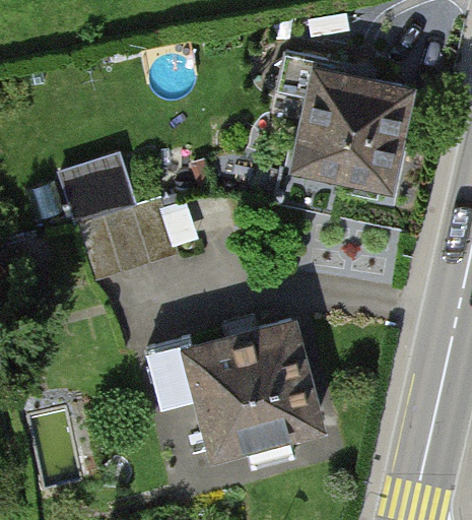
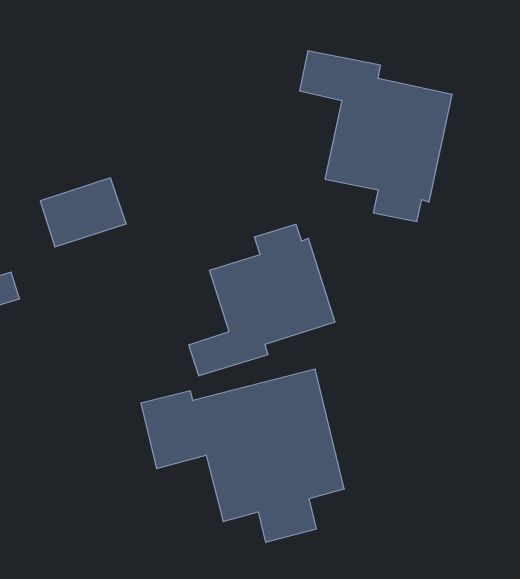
building: [75,197,180,280] -> none
building: none -> [189,224,335,376]

